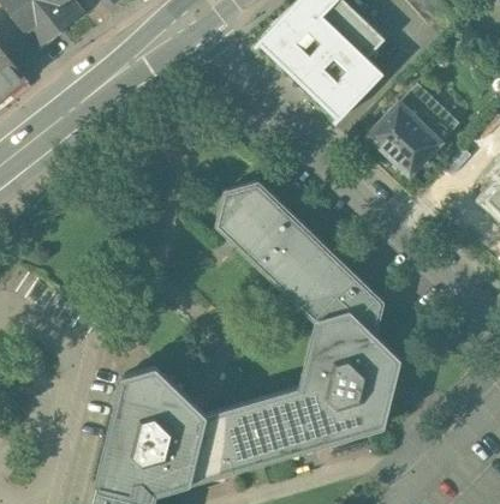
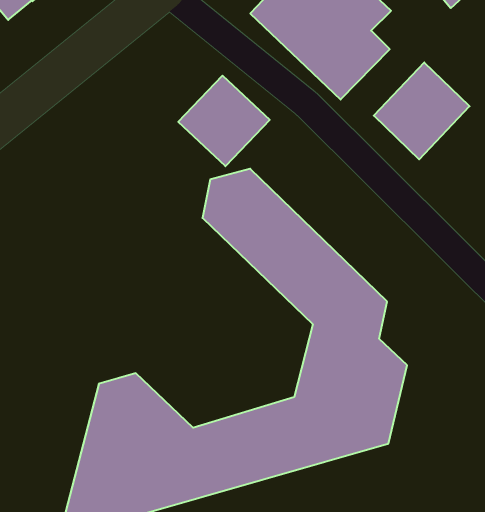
building: none -> [178,76,270,166]

